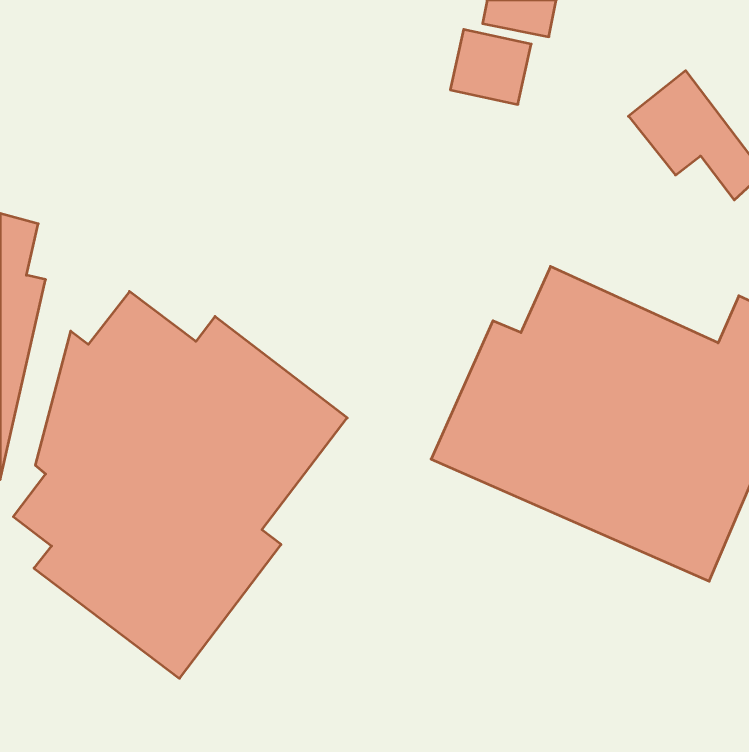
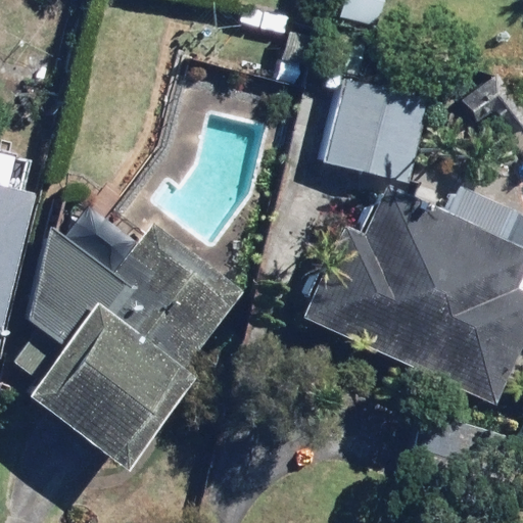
building: none -> [321,79,431,182]

